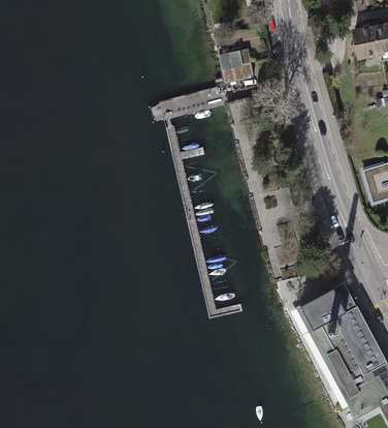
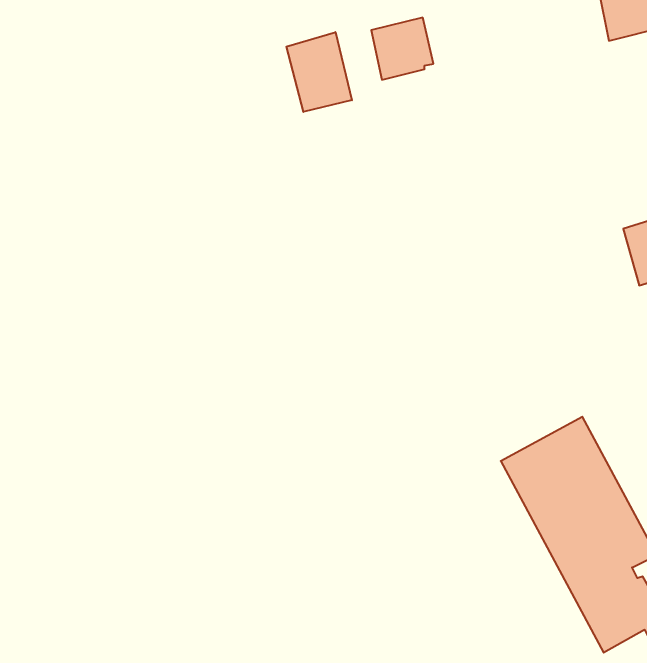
building: none -> [286,32,352,112]

